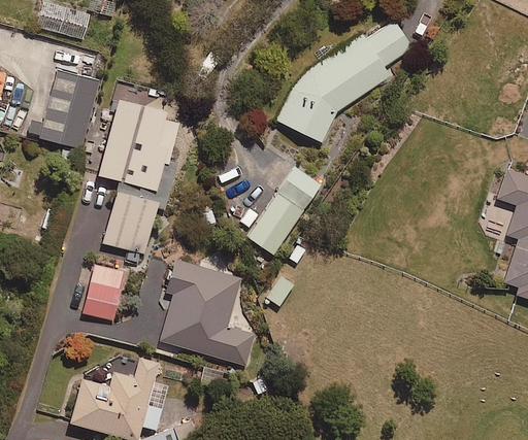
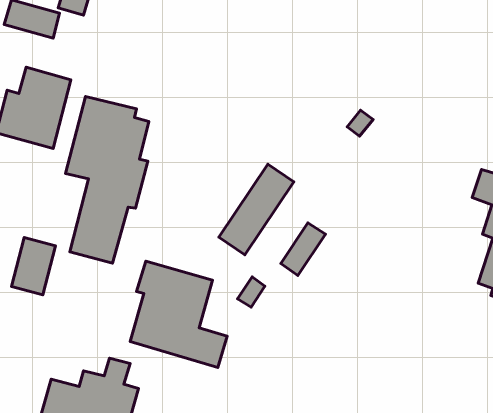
building: [277,21,414,143] -> none
building: none -> [281,223,325,276]
building: [82,265,126,321] -> [12,237,55,295]

